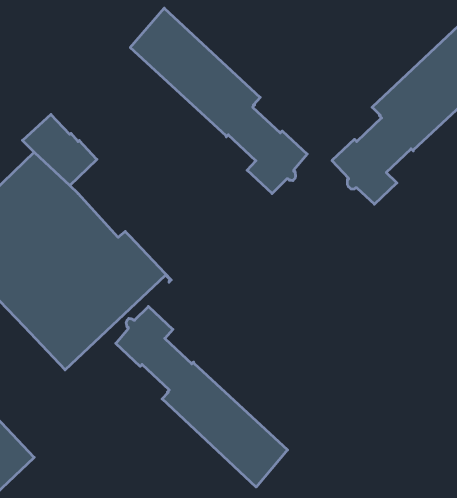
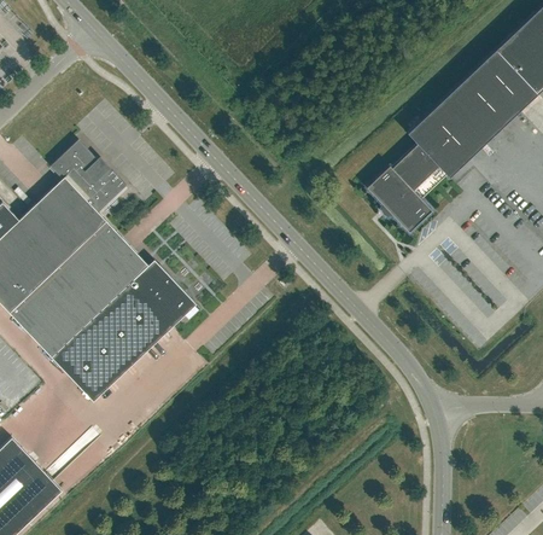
building: [130,8,307,194] -> none
building: [116,306,288,487] -> none

